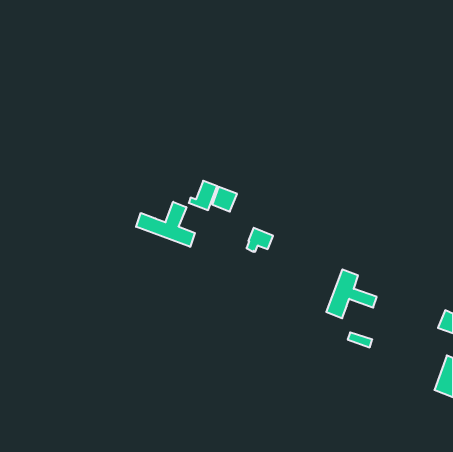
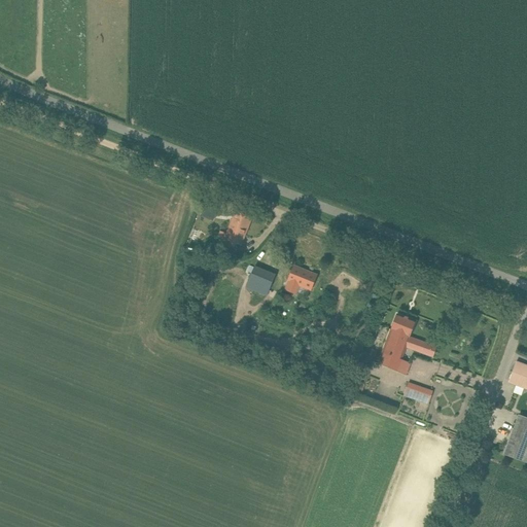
building: [212,187,237,212] -> [247,267,276,295]
building: [136,202,195,247] -> none

